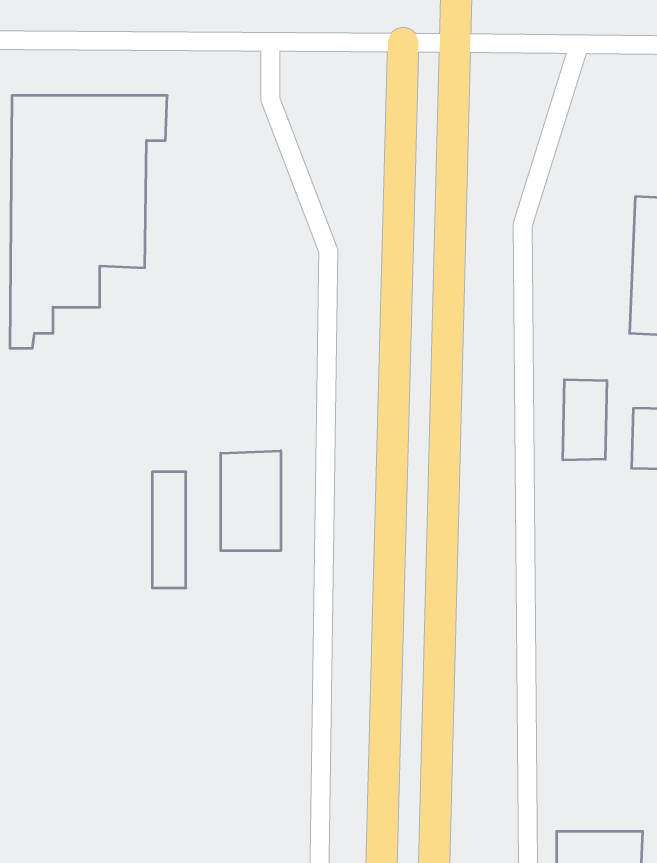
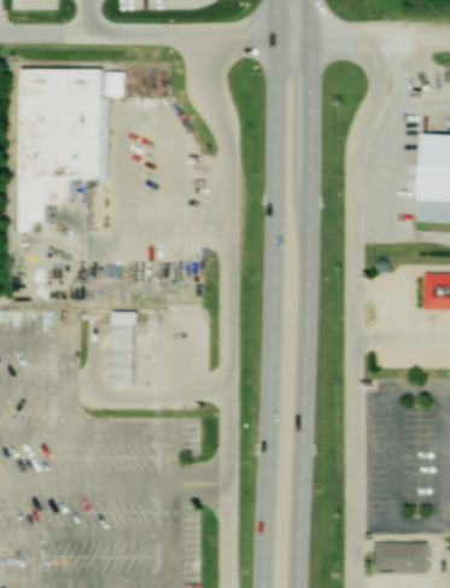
building: [563,380,607,460] -> none
building: [221,451,281,551] -> none

